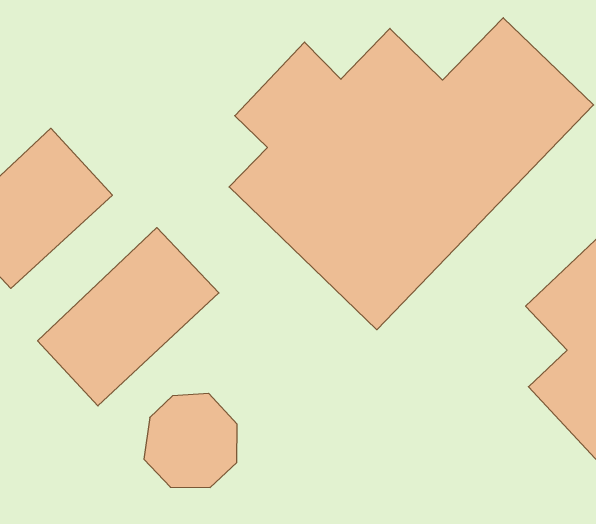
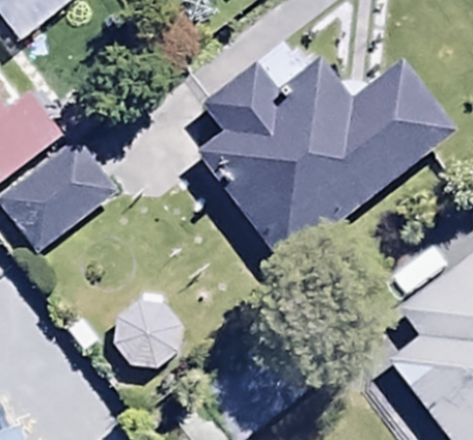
building: [38,228,219,406] -> none

